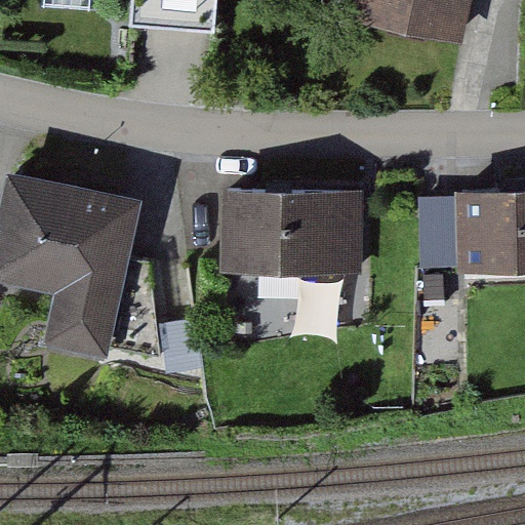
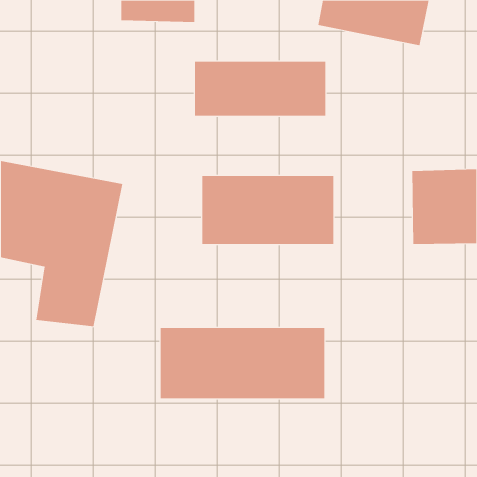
building: none -> [195,61,326,117]
building: none -> [160,327,325,399]

